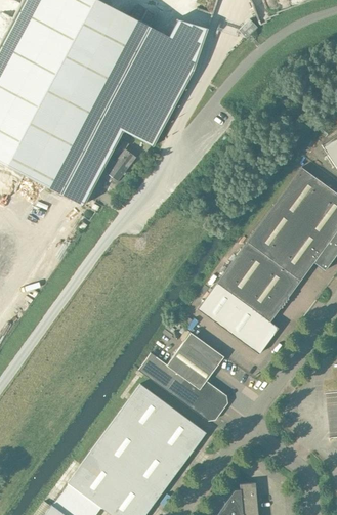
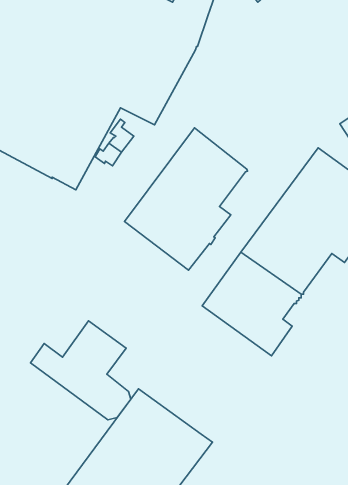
building: none -> [124,128,248,270]
building: [137,332,227,421] -> [31,321,131,420]

